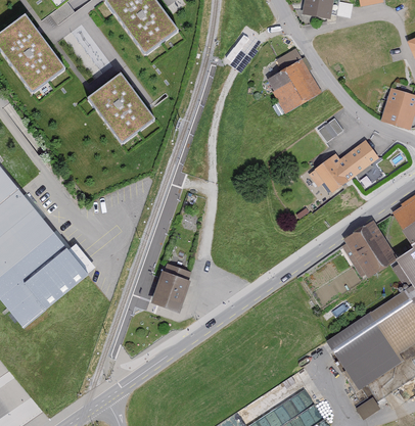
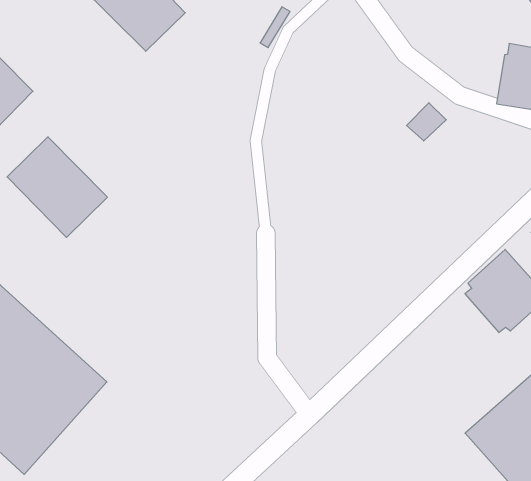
building: [268,49,322,113] -> none
building: [89,74,155,144] -> [7,137,107,237]
building: [308,140,379,192] -> none
building: [156,266,187,307] -> none

